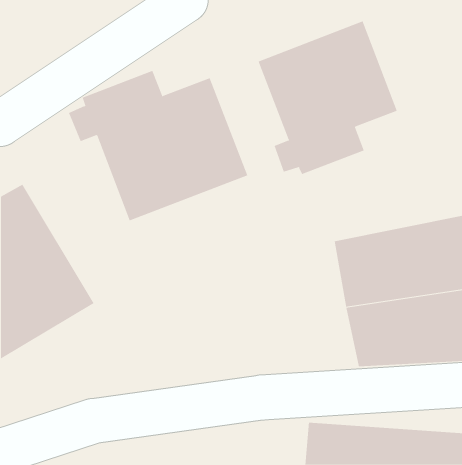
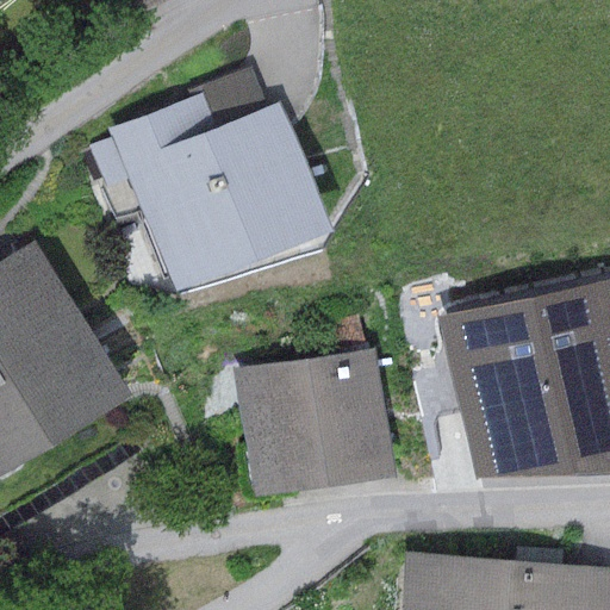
building: [258,20,397,175] -> none
building: none -> [236,349,392,493]

